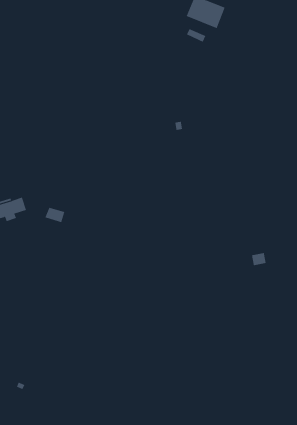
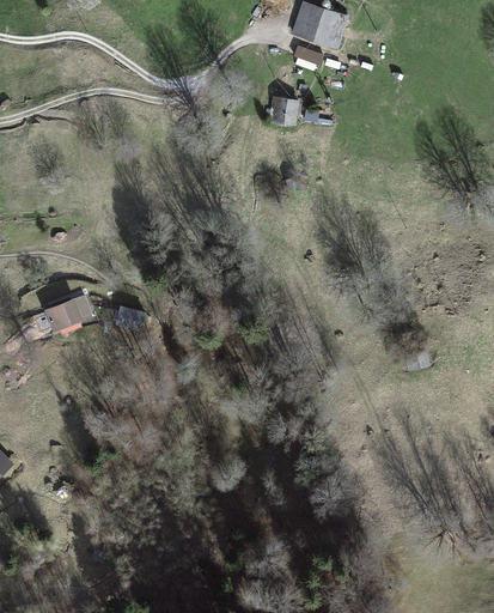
building: none -> [270,98,297,123]

